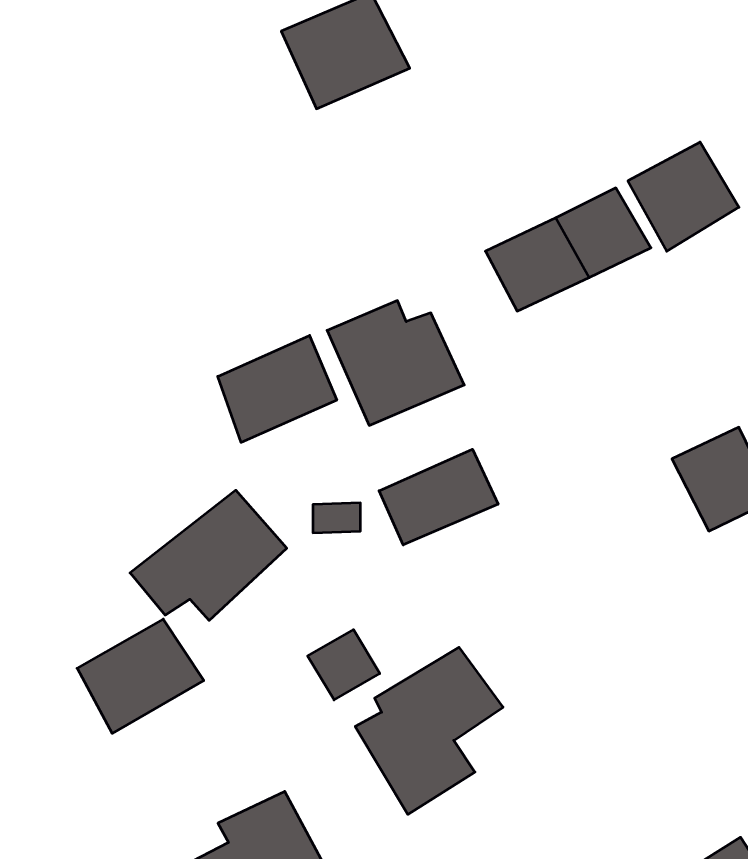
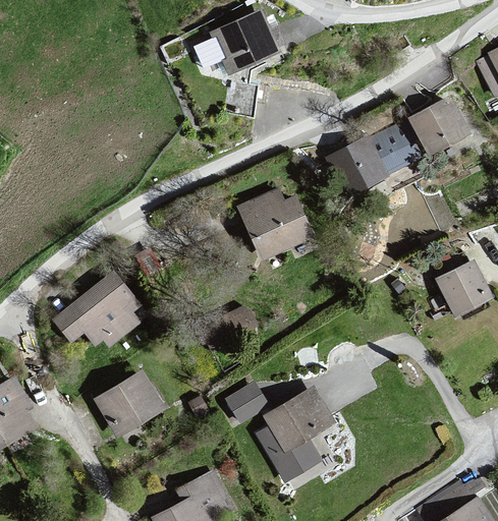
building: [218,335,337,442] -> none
building: [379,449,498,545] -> none
building: [130,490,287,620] -> [51,273,142,348]

